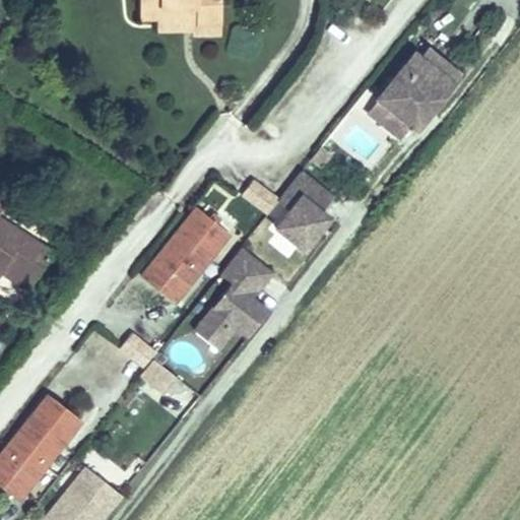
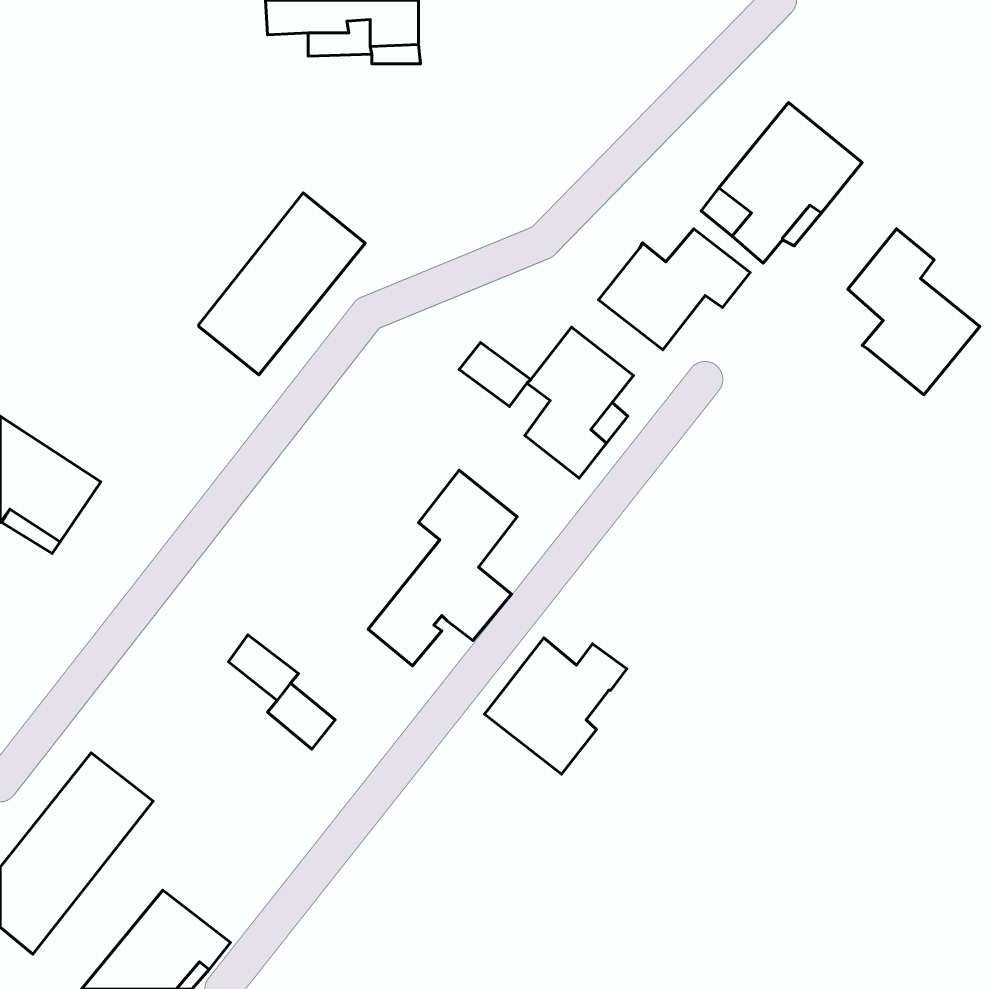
building: none -> [599,229,750,350]
building: none -> [848,229,980,395]
building: [142,207,230,303] -> [199,193,365,375]
building: none -> [484,638,627,774]

